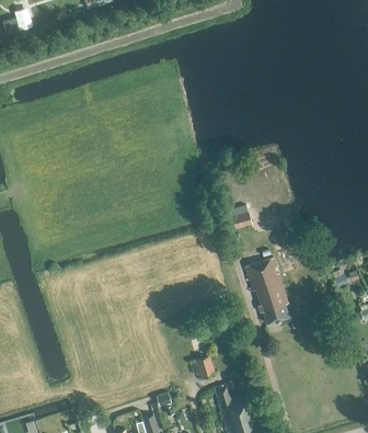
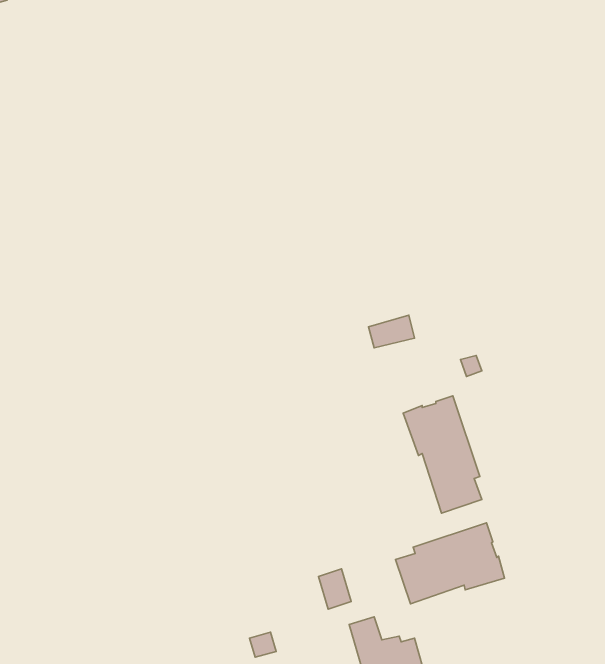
building: none -> [396,523,504,604]

